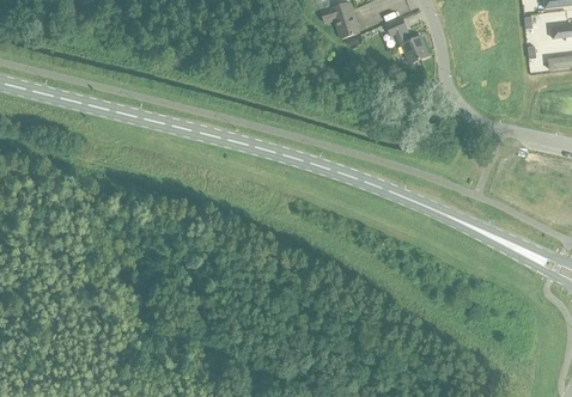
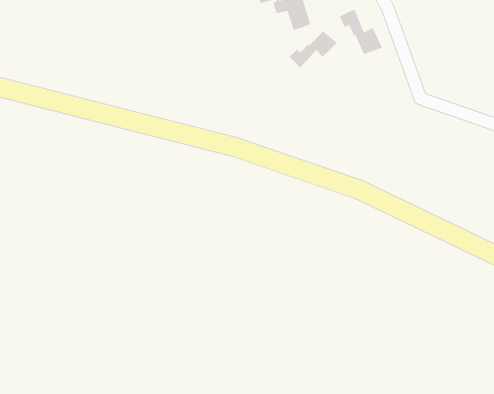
building: none -> [289,30,338,68]

